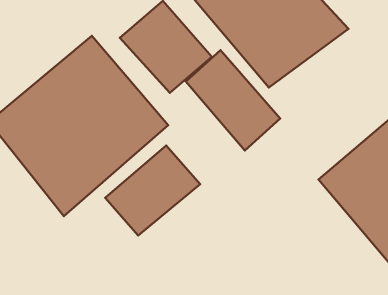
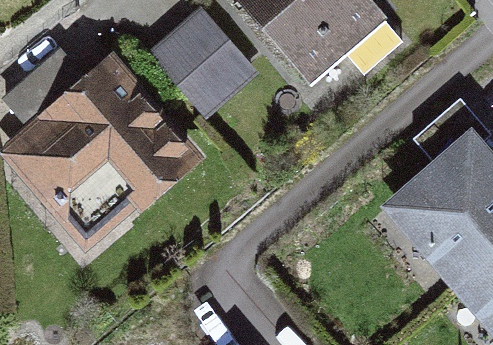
building: [186,50,280,150] -> none
building: [105,146,200,235] -> none

